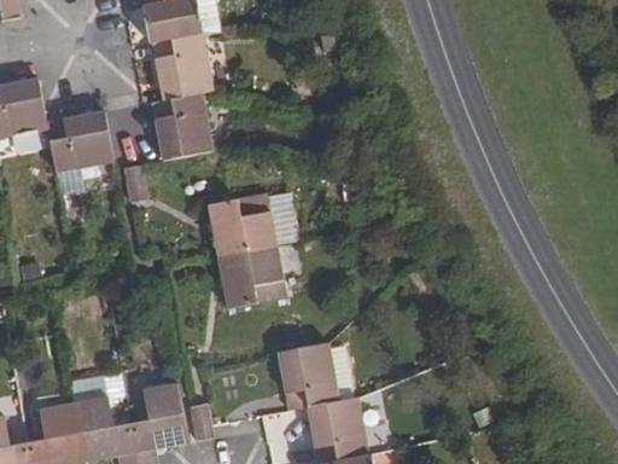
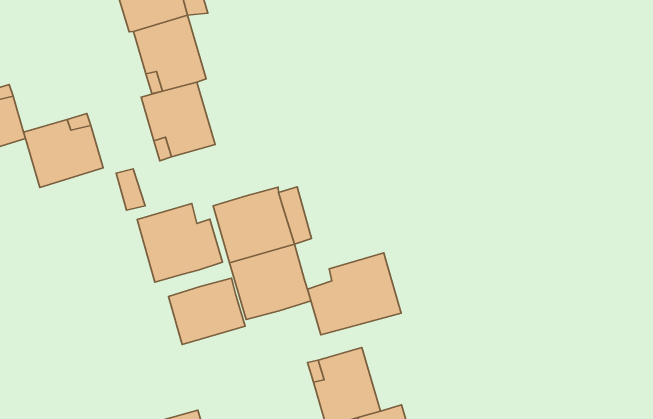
building: none -> [137,204,222,282]
building: none -> [308,253,401,335]
building: none -> [168,278,245,345]

